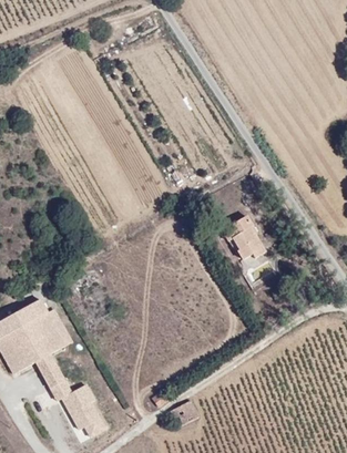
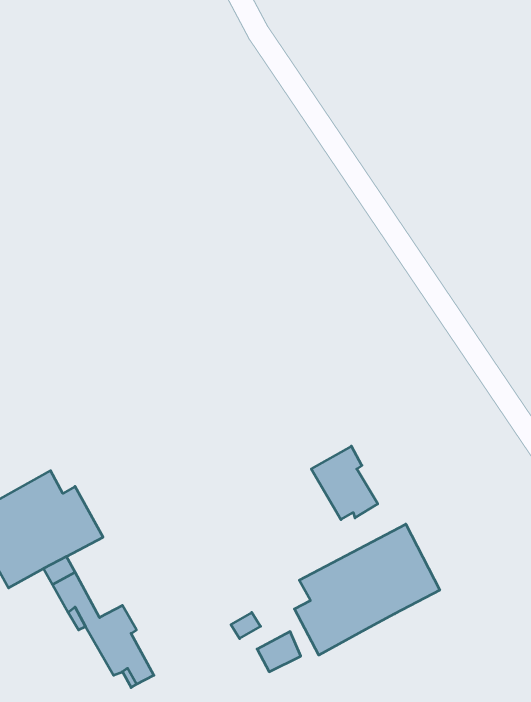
building: [223,214,265,260] -> [311,446,378,520]
building: none -> [294,524,440,655]

